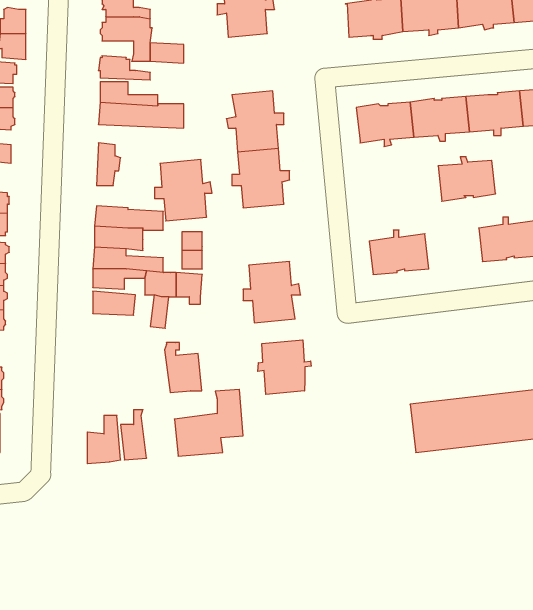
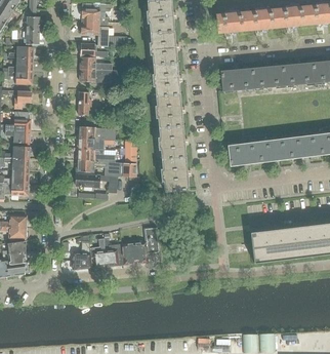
building: none -> [147,31,178,65]
building: [438,157,496,201] -> [259,136,291,161]
building: [155,160,212,221] -> [156,125,188,159]
building: [258,340,311,394] -> none
building: [165,343,202,393] -> [102,238,123,266]

